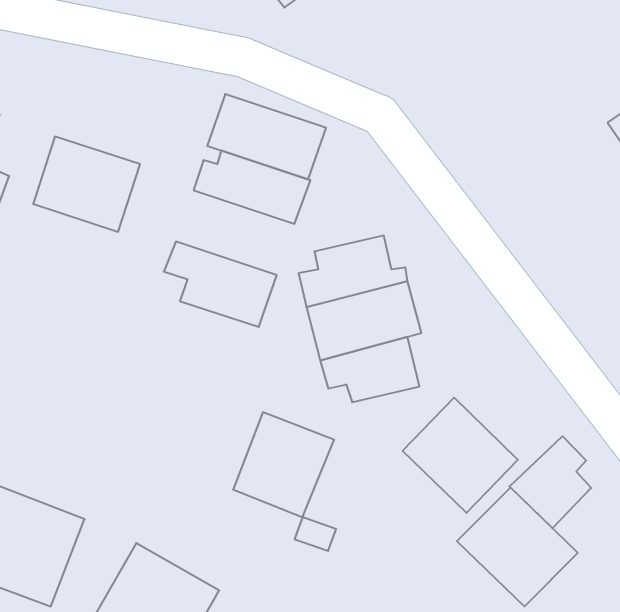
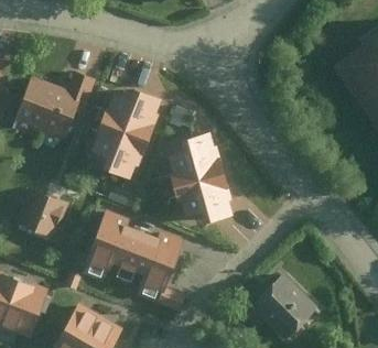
building: [207,94,326,179] -> [98,107,164,154]
building: none -> [22,188,67,238]
building: none -> [87,214,147,273]
building: [403,398,518,513] -> none
building: [509,436,591,528] -> none

